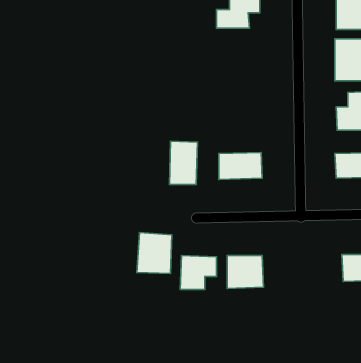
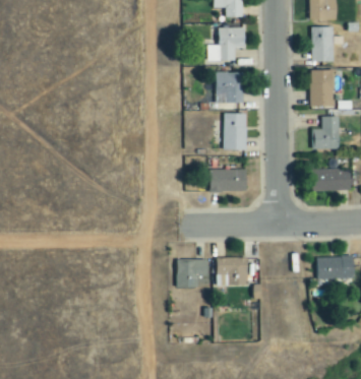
building: none -> [216,71,244,103]
building: [169,141,197,184] -> [223,113,247,150]
building: [137,232,172,274] -> none

